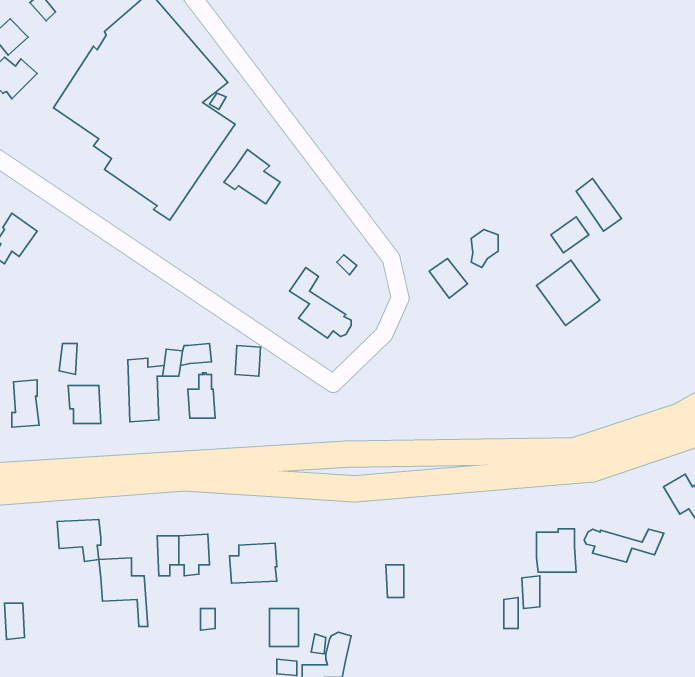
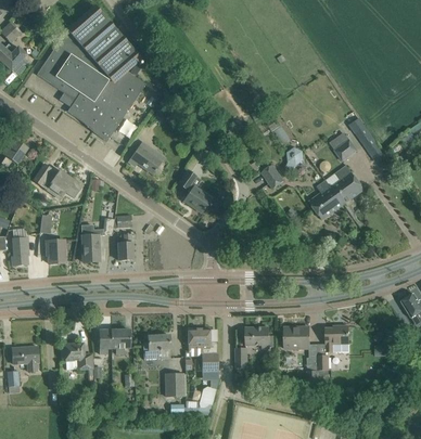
building: [224,150,280,204] -> [128,141,162,173]
building: none -> [34,164,73,195]
building: none -> [309,180,343,218]
building: [57,520,101,561] -> [12,346,38,371]
building: none -> [284,325,309,348]
building: [584,529,664,562] -> none
building: none -> [245,326,269,347]
building: none -> [188,327,218,371]

